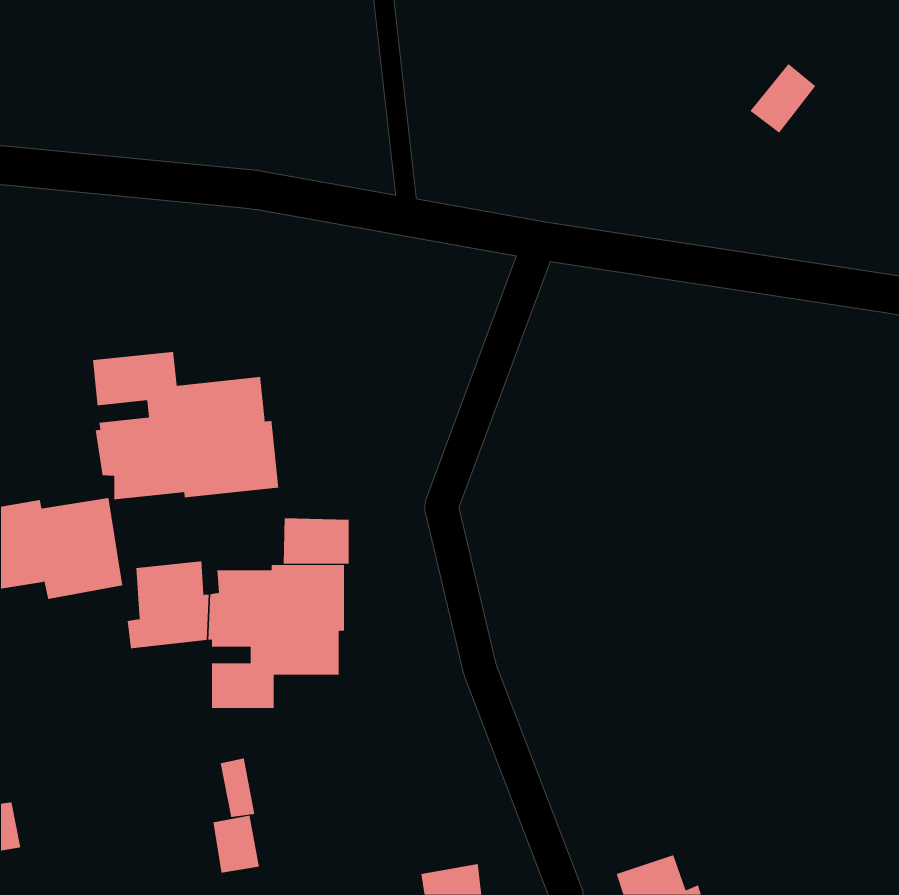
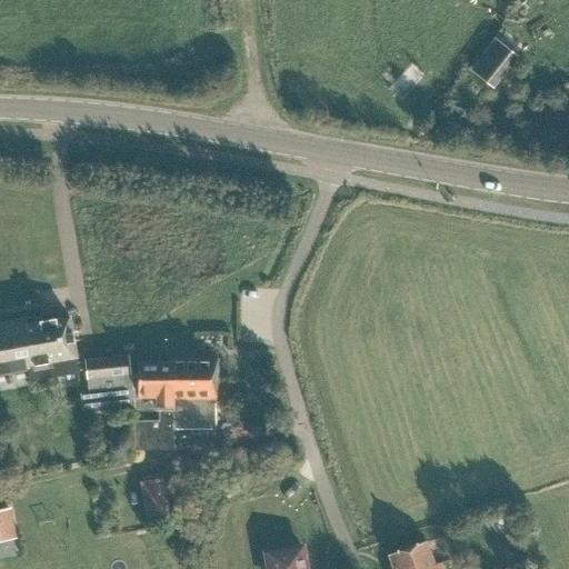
building: [92,351,279,500] -> none
building: [283,518,349,564] -> none
building: [213,815,260,873] -> none

